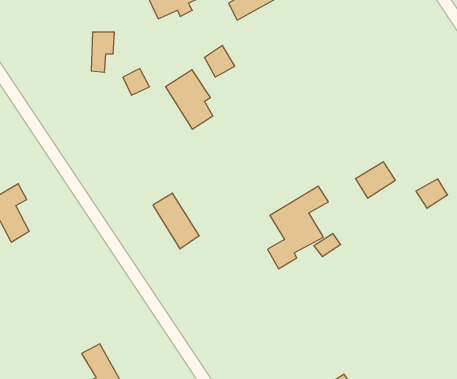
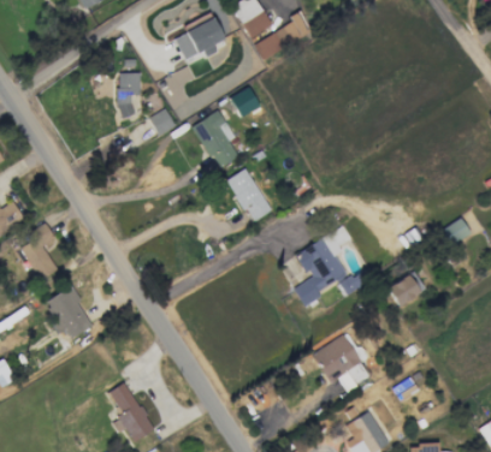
building: [355,162,395,198] -> [385,270,425,307]
building: [153,193,199,249] -> [226,167,272,222]
building: none -> [45,286,91,337]
building: none -> [312,334,368,389]

